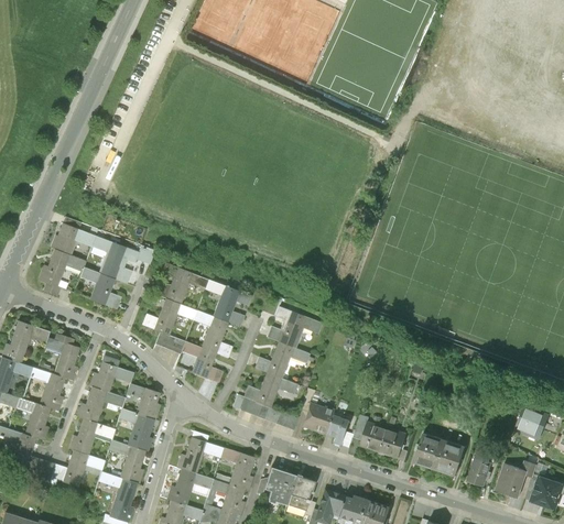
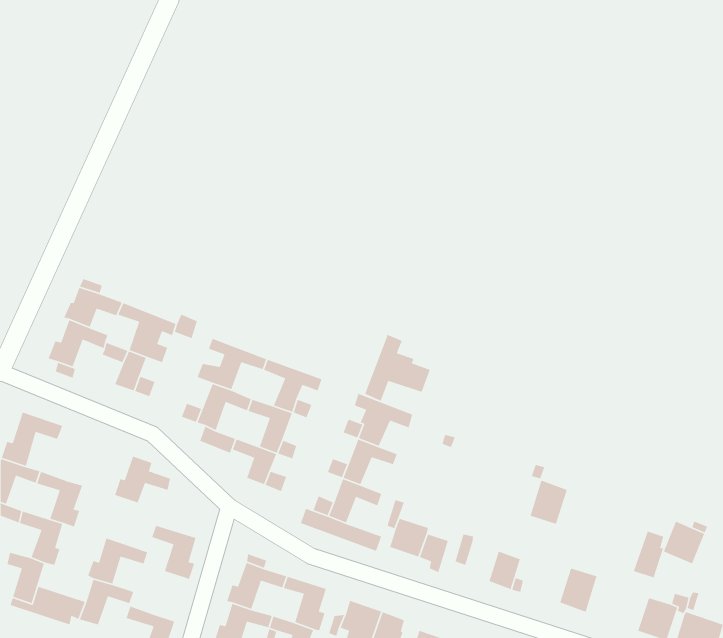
building: none -> [364,334,431,402]
building: [44,332,79,380] -> none
building: [127,383,160,419] -> none
building: [77,386,124,423] -> none
building: [360,423,388,452] -> none
building: [414,434,444,469] -> [529,479,568,525]
building: [108,440,145,483] -> none
building: [467,449,491,487] -> [633,530,664,579]

